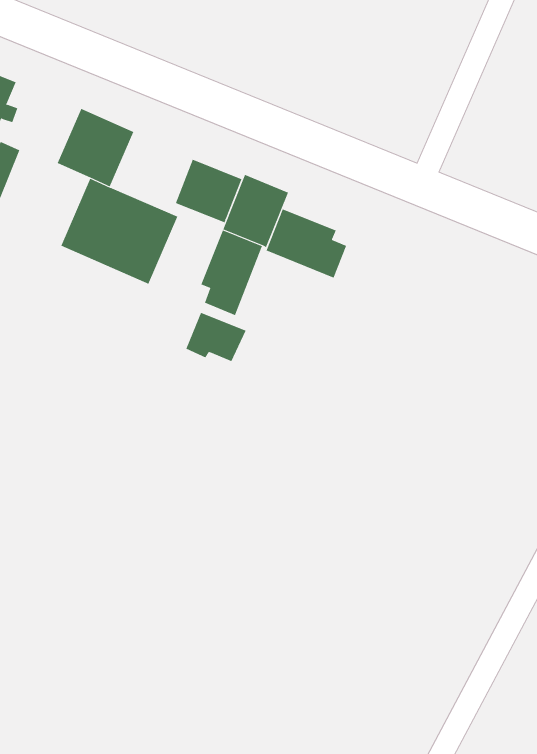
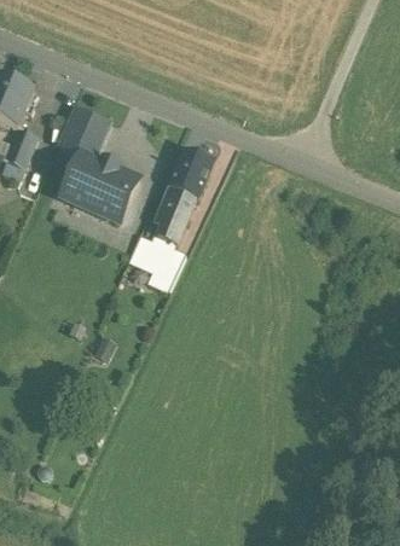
building: [175,159,242,223] -> none
building: [266,208,347,279] -> none

